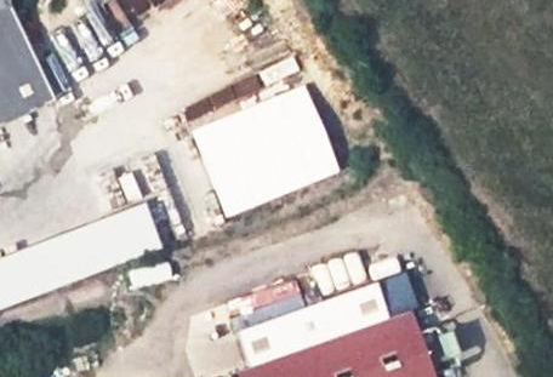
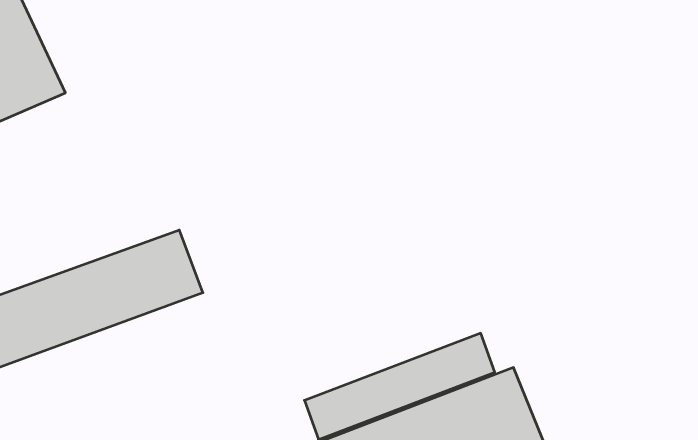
building: [184,81,336,216] -> none

